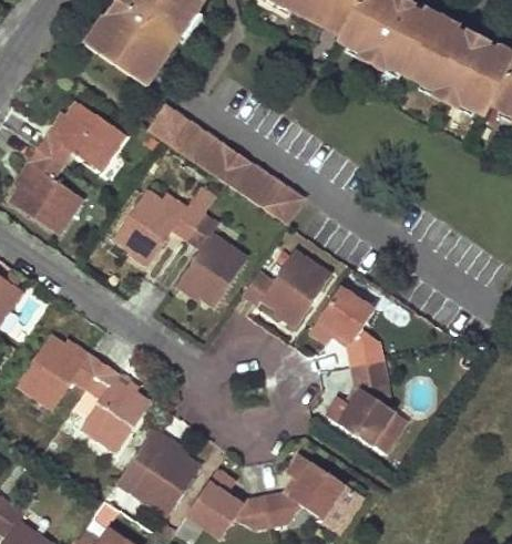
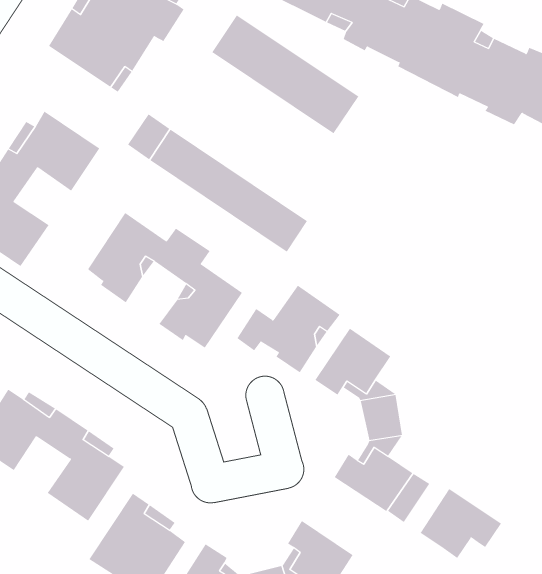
building: none -> [211,14,359,134]
building: none -> [420,488,502,559]

